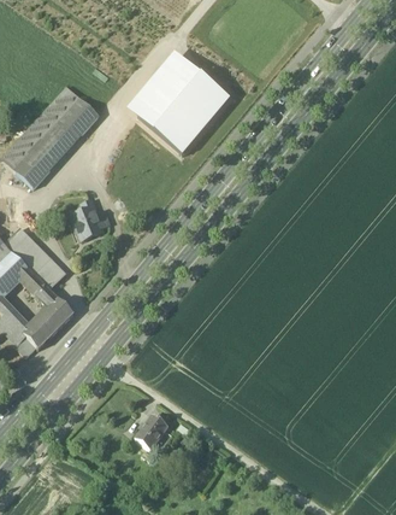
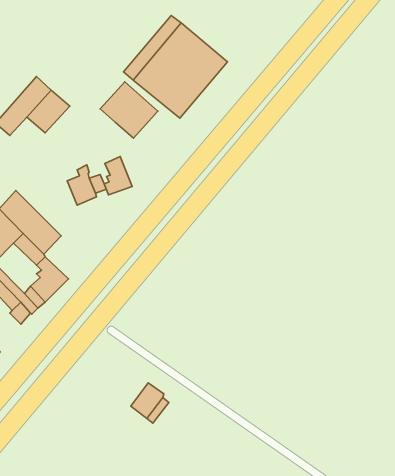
building: [42,87,99,142] -> [100,82,158,138]
building: [16,153,51,187] -> none
building: none -> [104,156,132,195]

